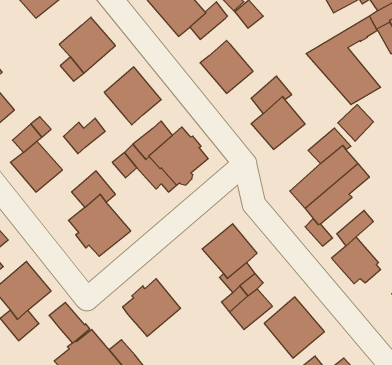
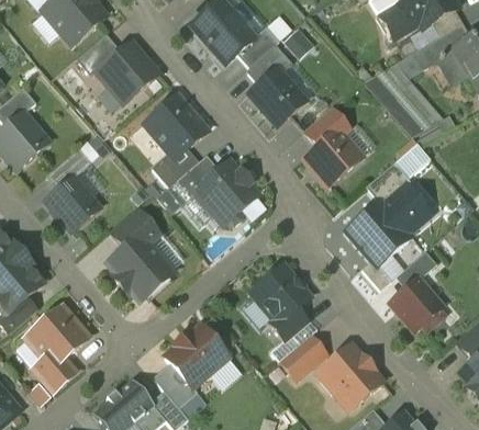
building: none -> [77,33,122,75]
building: none -> [246,44,293,84]
building: [63,118,105,154] -> [154,148,199,186]
building: [49,302,90,343] -> [154,363,198,407]

